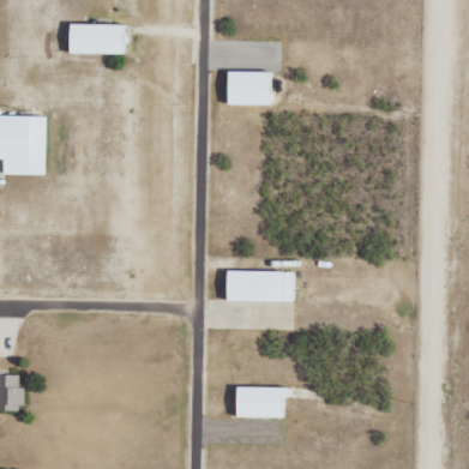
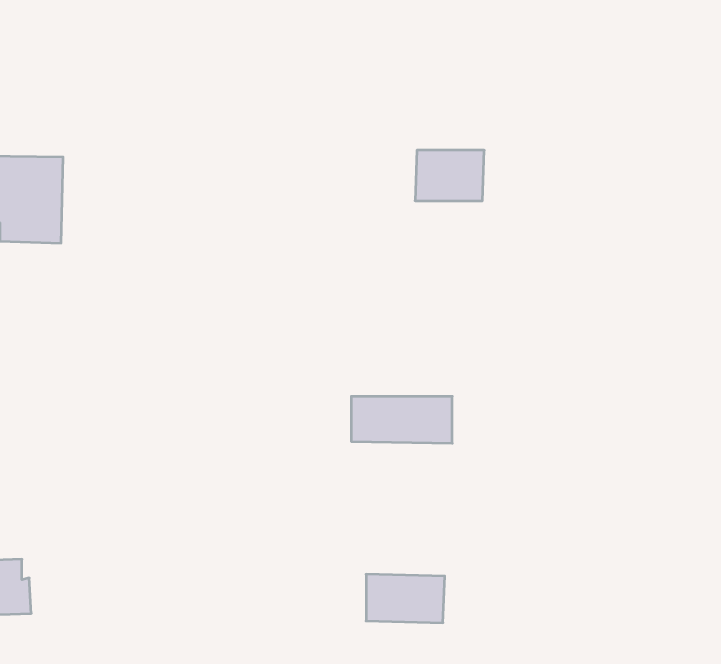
building: [71,24,127,53] -> none
building: [224,73,269,106] -> [415,150,484,201]

